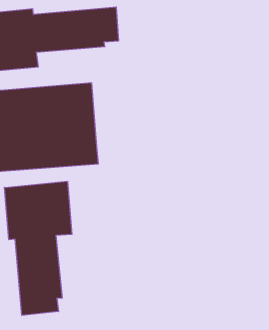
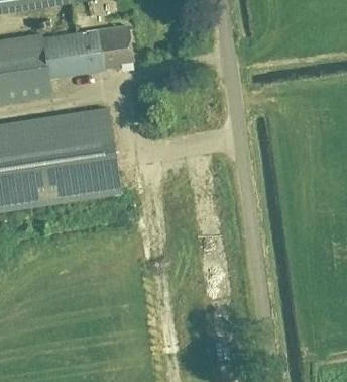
building: [4,181,72,315] -> none

